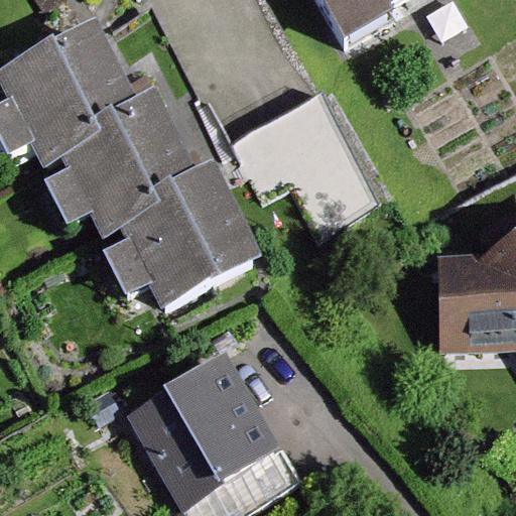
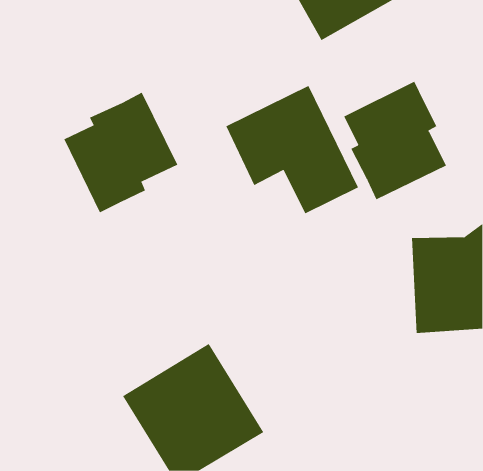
building: [4,30,130,159] -> none
building: none -> [343,81,447,200]
building: [128,165,253,294] -> none

